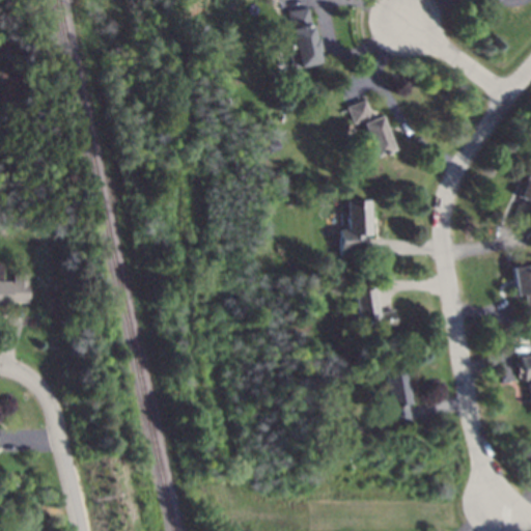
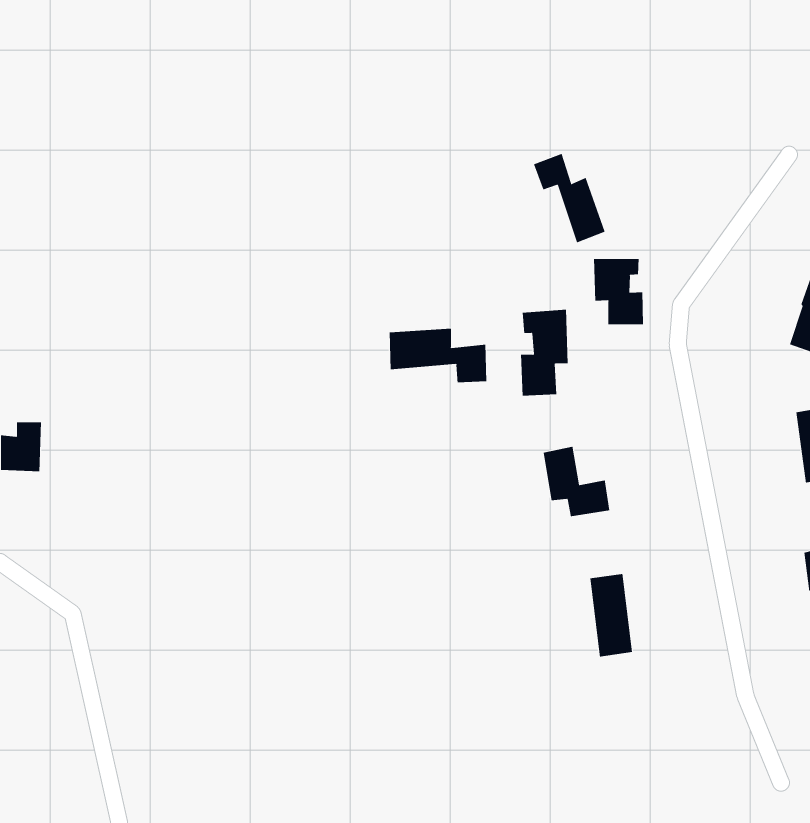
building: [292,6,327,67] -> none
building: none -> [594,258,644,325]
building: none -> [389,328,487,383]

